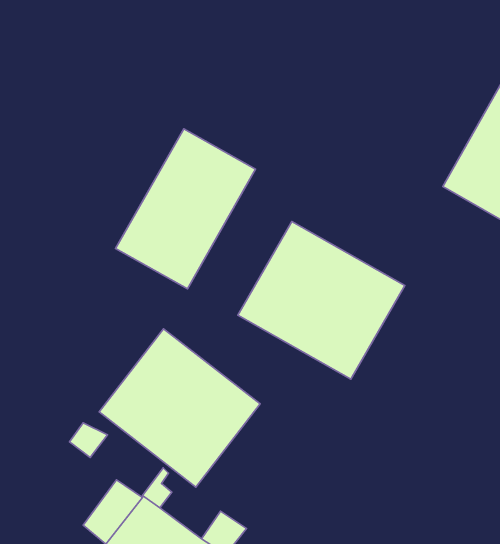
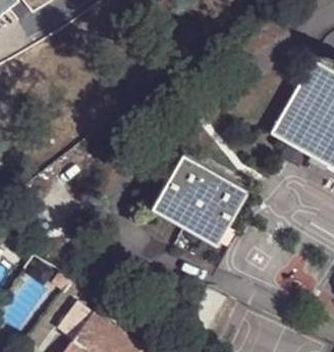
building: [115,129,256,289] -> none
building: [99,329,260,487] -> none

